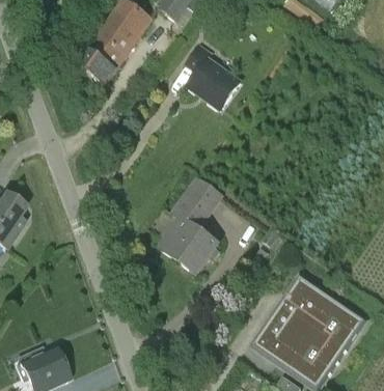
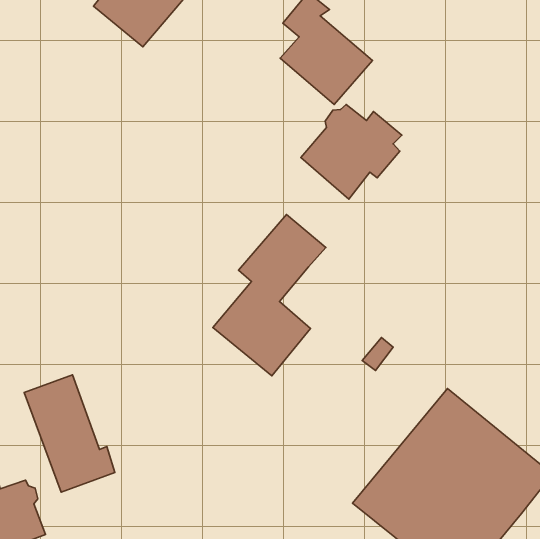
building: none -> [301,105,402,199]
building: none -> [24,375,115,492]

